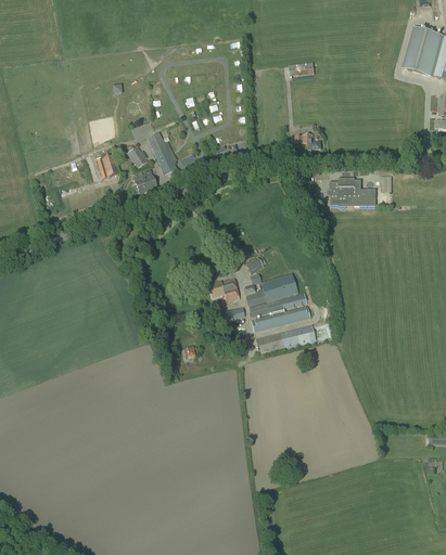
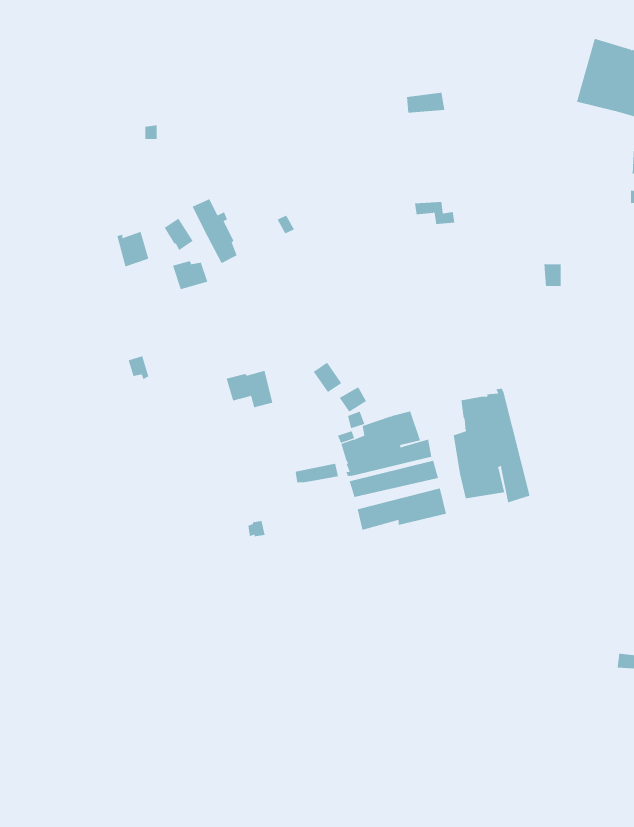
building: [329,178,375,206] -> none
building: none -> [453,388,530,503]
building: [207,278,239,302] -> [226,370,273,408]

